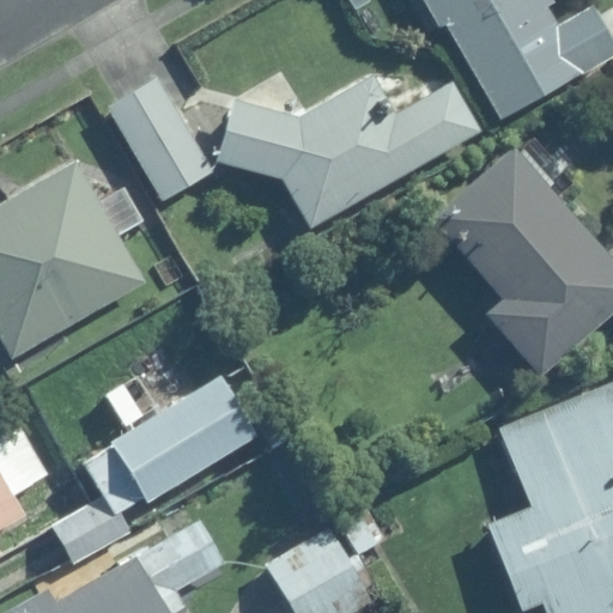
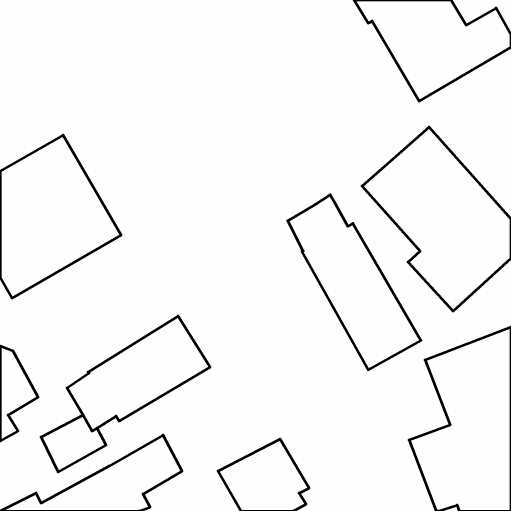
building: [108,78,213,200] -> none
building: [219,78,481,226] -> none
building: none -> [288,195,421,370]

